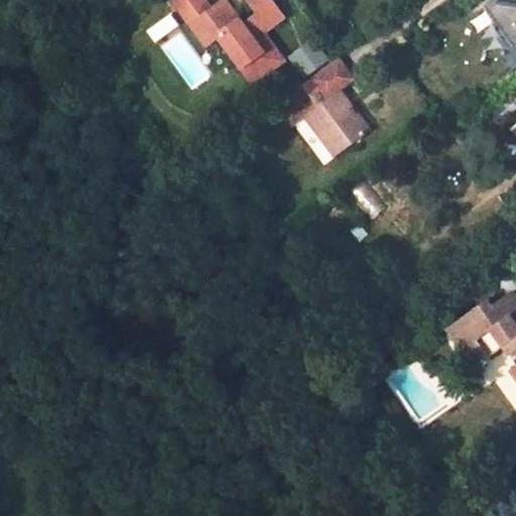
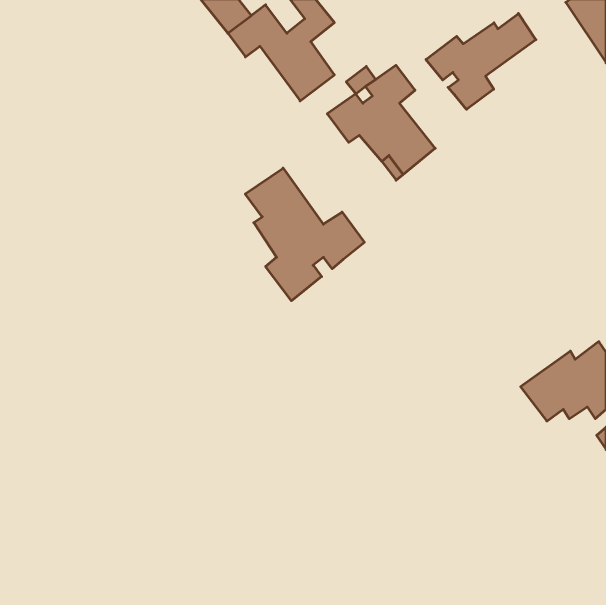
building: none -> [426,13,536,109]
building: none -> [245,168,364,301]

